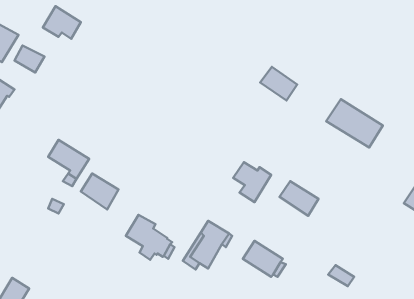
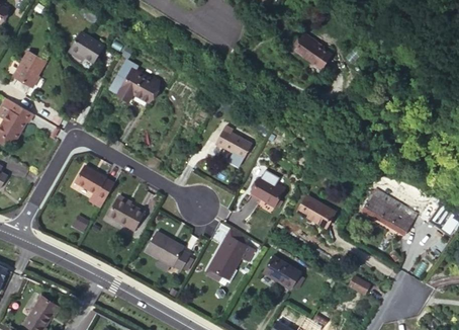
building: none -> [119,61,169,110]
building: [14,46,45,73] -> none
building: [260,67,297,100] -> [294,34,330,67]
building: [326,99,383,147] -> [358,195,412,242]
building: none -> [221,130,257,164]

